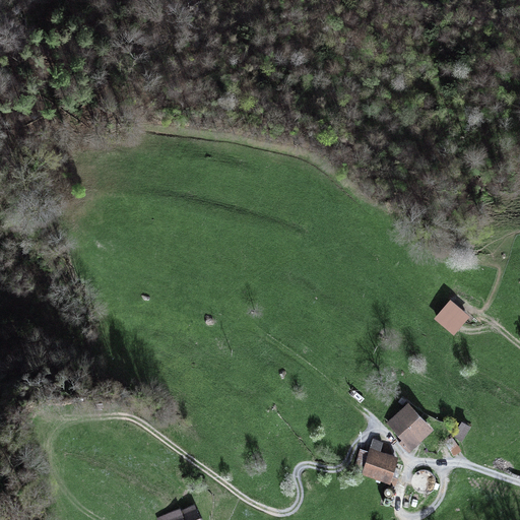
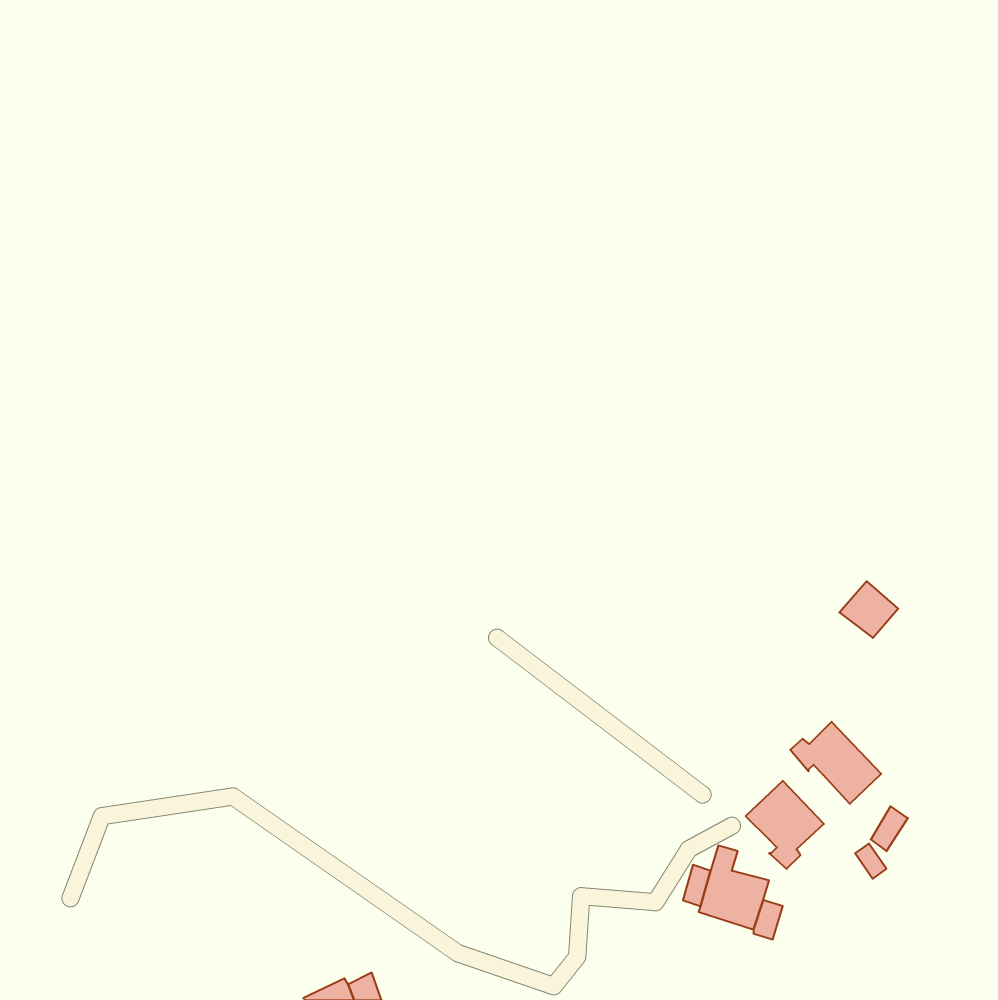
building: none -> [790,722,881,804]

